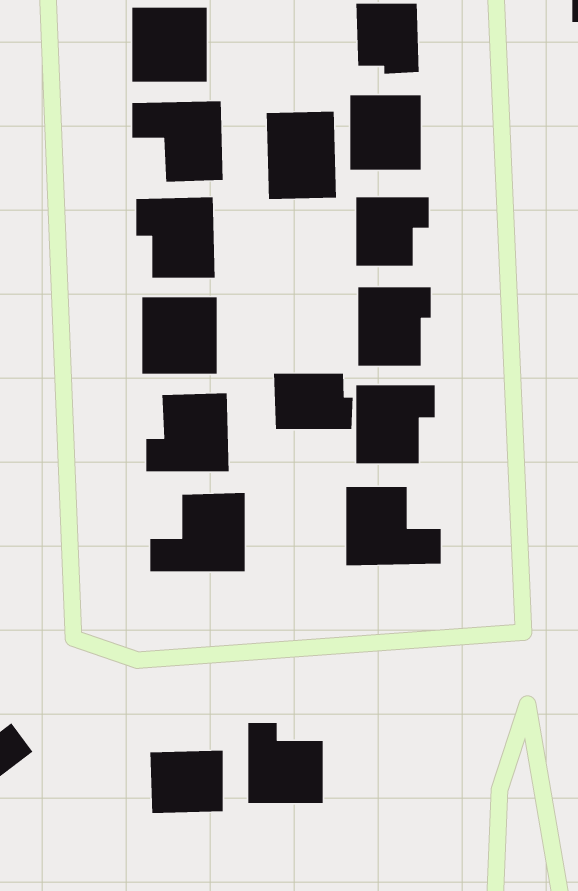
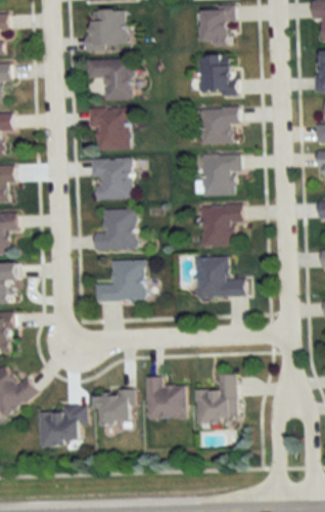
building: [266,111,337,200] -> none
building: [273,373,353,430] -> none
building: none -> [195,375,237,422]
building: none -> [39,407,87,444]

